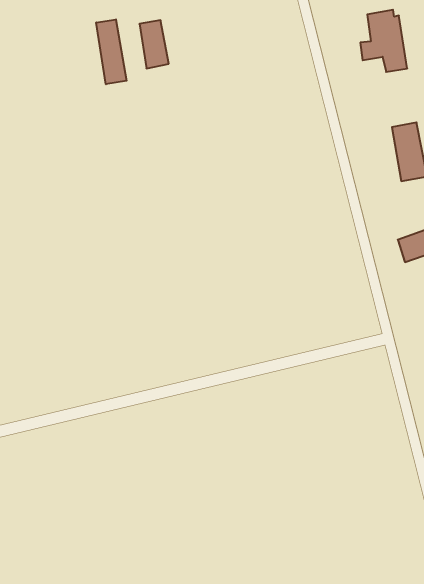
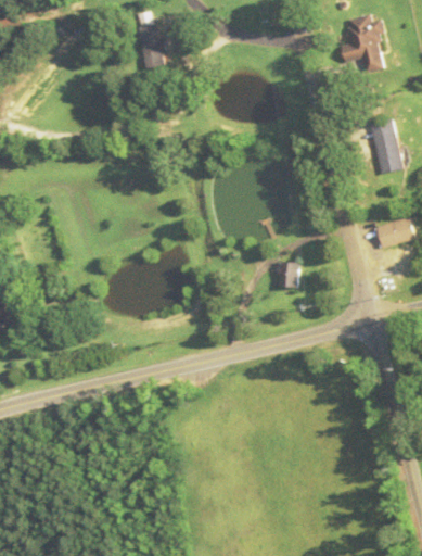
building: [96,19,127,84] -> none
building: none -> [280,261,297,286]

